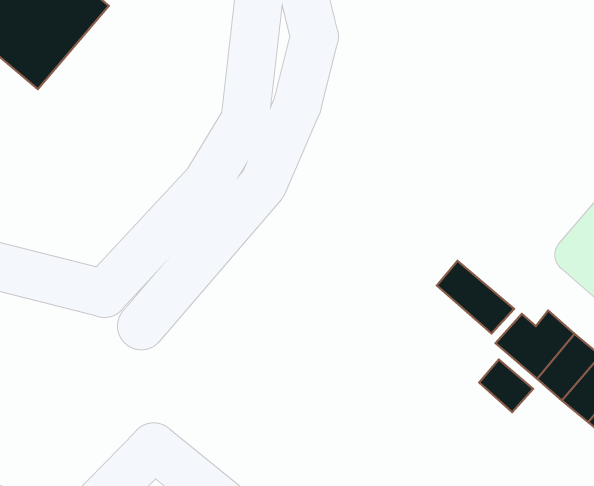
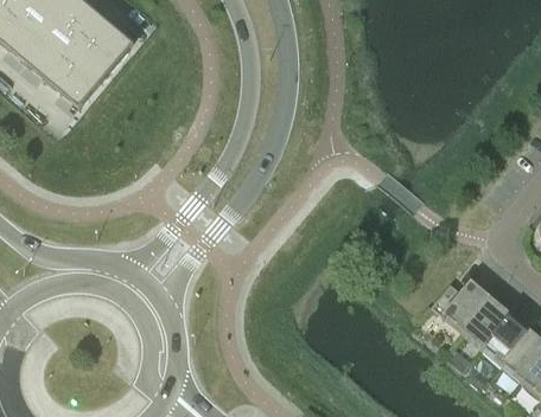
building: [437,261,514,334] -> none
building: [479,359,533,412] -> none

